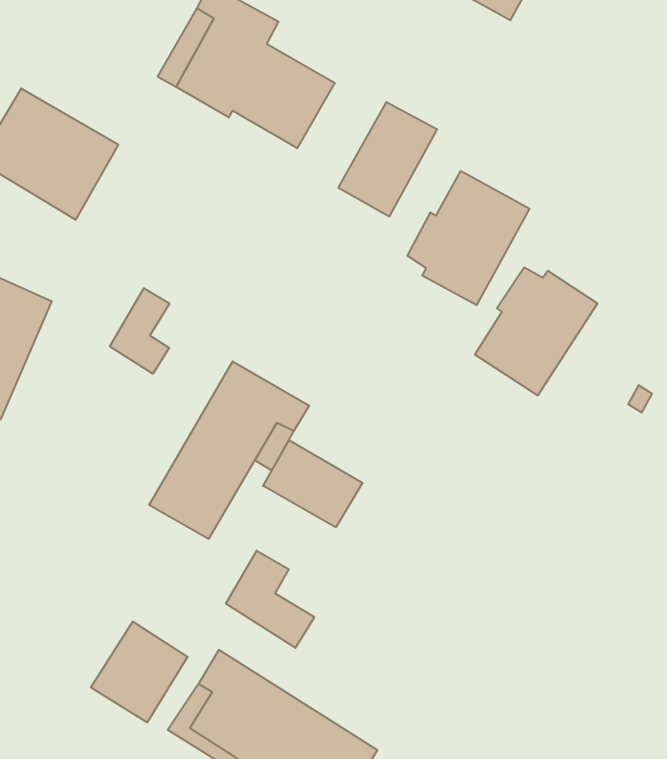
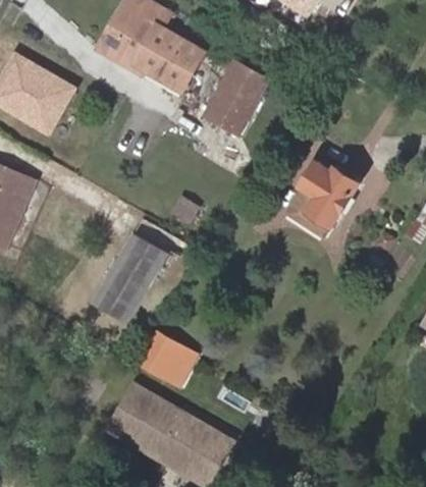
building: [407,171,529,305] -> none
building: [110,288,169,374] -> none
building: [263,440,362,527] -> none
building: [91,621,188,723] -> none

